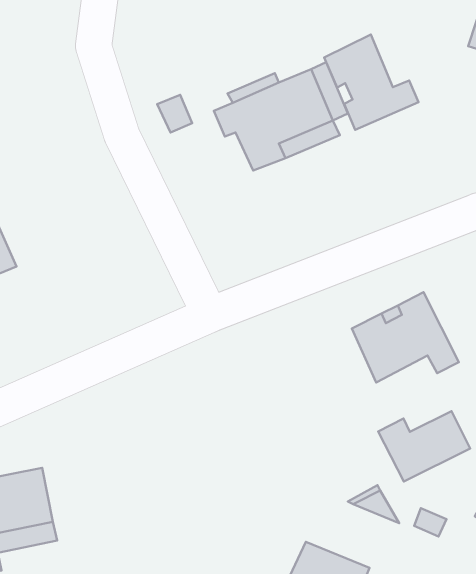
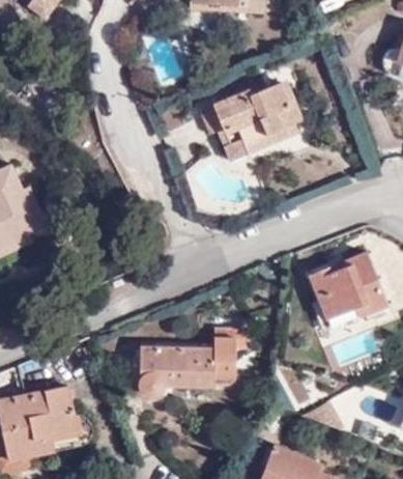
building: [324,35,419,130] -> none
building: none -> [133,328,242,397]
building: [378,411,470,481] -> none

